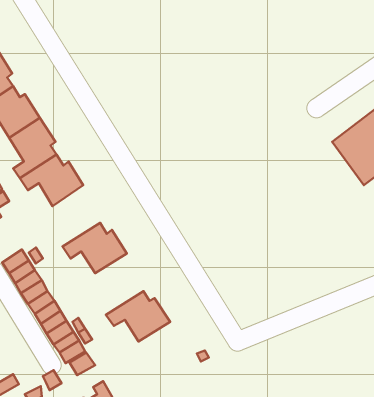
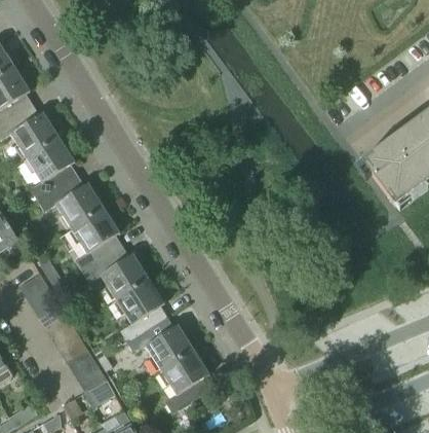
building: none -> [71,207,120,270]
building: none -> [115,278,165,341]
building: none -> [160,349,210,412]

